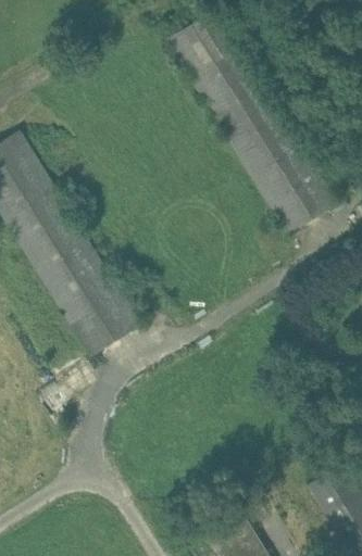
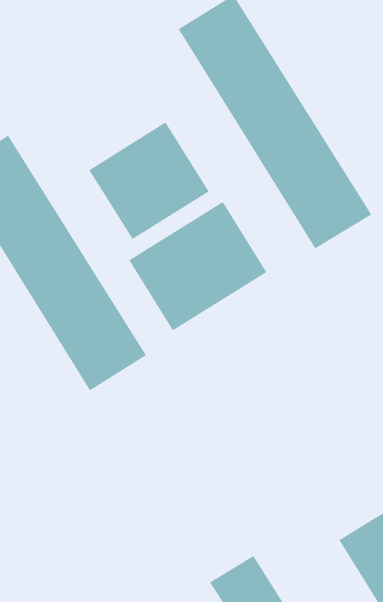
building: none -> [89,122,210,240]
building: none -> [129,201,267,331]

